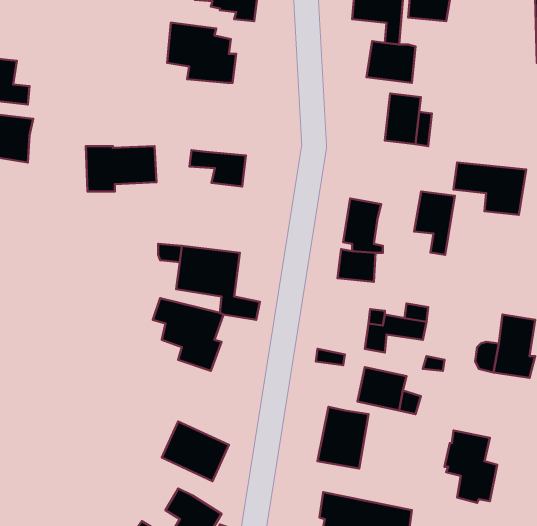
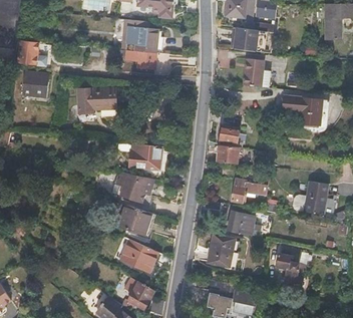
building: [190,150,246,186] -> [124,49,155,69]
building: [414,191,455,255] -> none
building: none -> [116,205,151,234]

